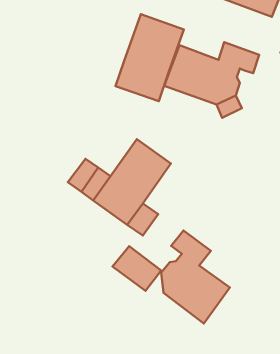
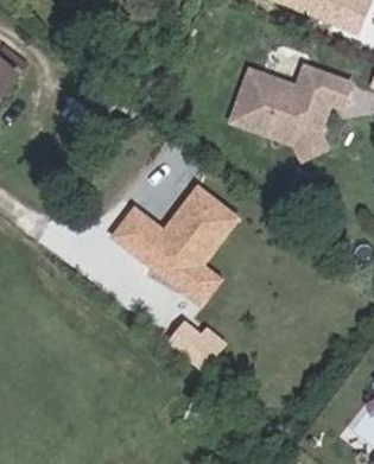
building: [115,14,184,101] -> none
building: [161,230,230,324] -> none

